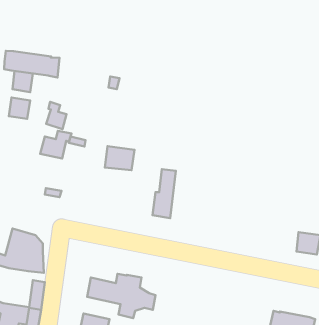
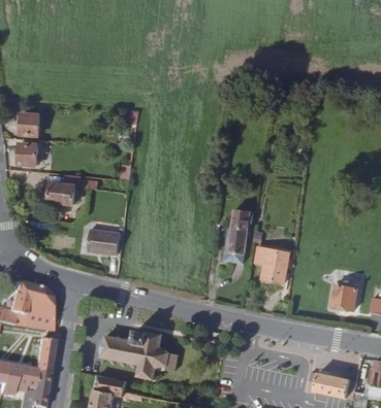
building: [4,51,59,77] -> none
building: [46,102,66,129] -> none
building: [105,146,134,170] -> [91,234,124,261]
building: [153,169,176,218] -> [224,212,250,267]
building: none -> [258,247,291,283]

